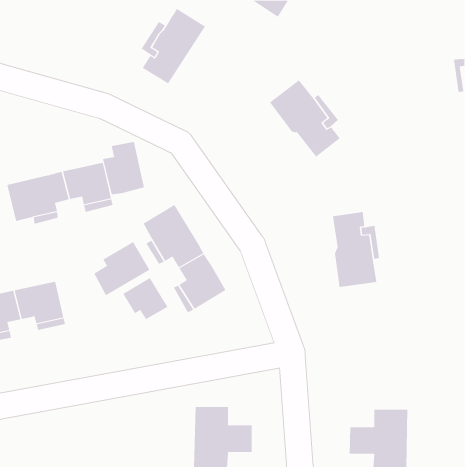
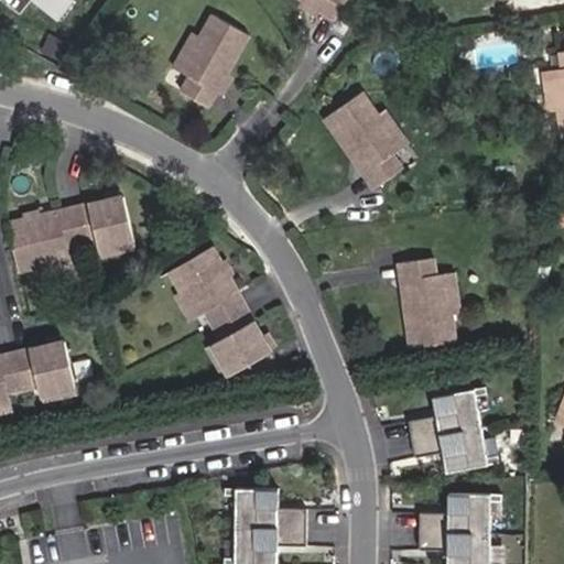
building: [103,141,144,195] -> none
building: [93,241,150,296] -> none
building: [123,277,168,320] -> none
building: none -> [410,388,488,470]

